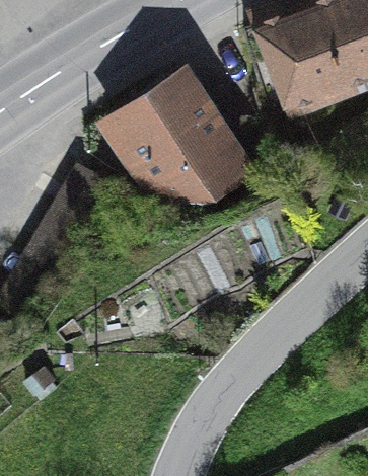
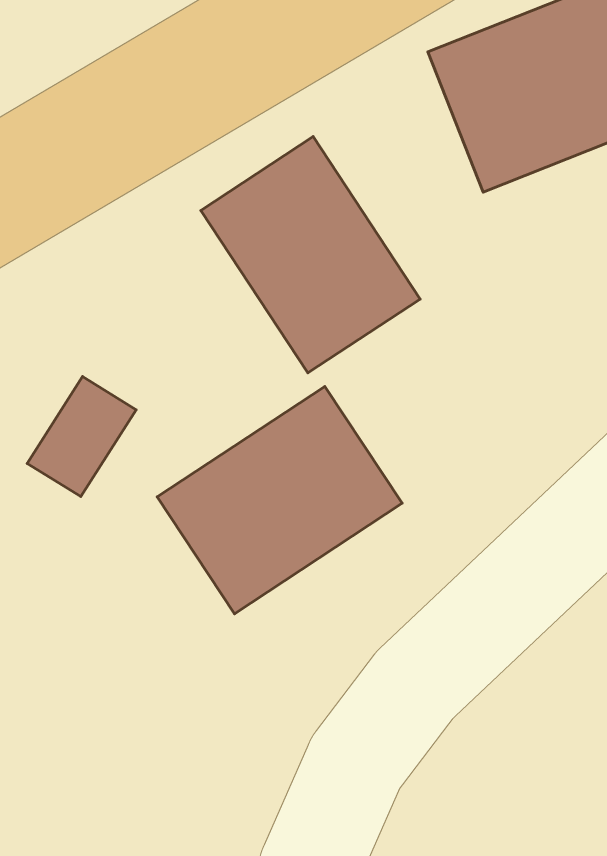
building: none -> [157,386,402,614]

